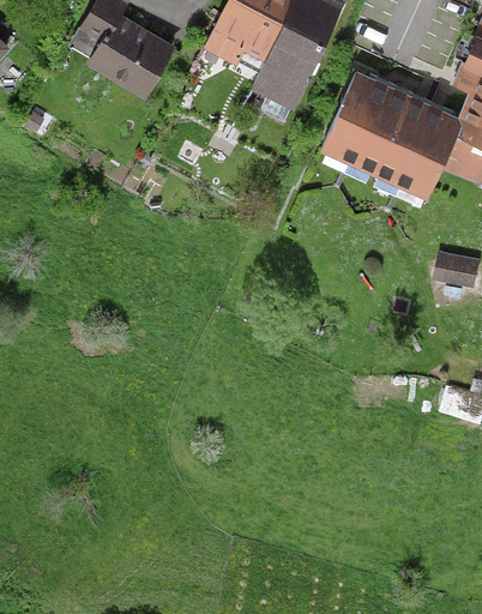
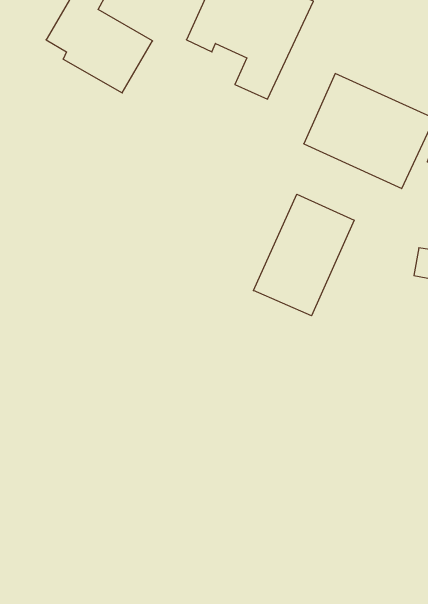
building: none -> [253,194,354,316]

